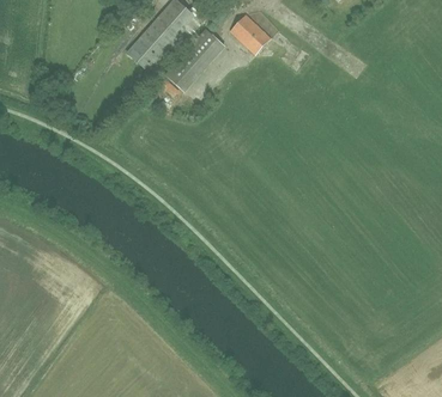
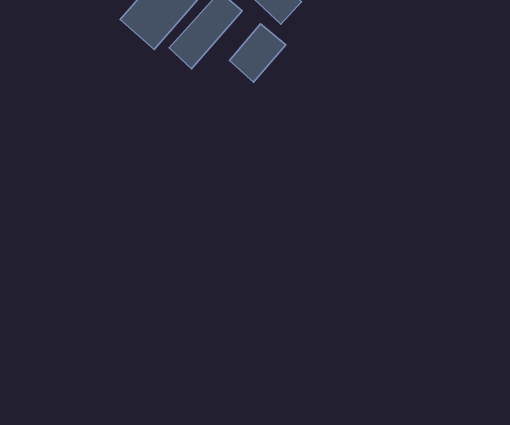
building: none -> [230,24,286,82]

